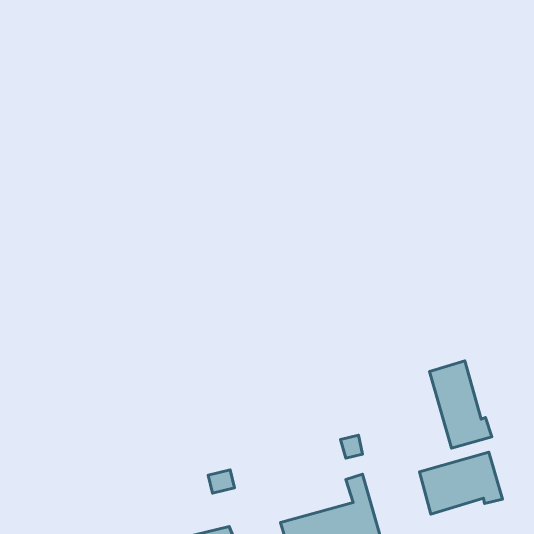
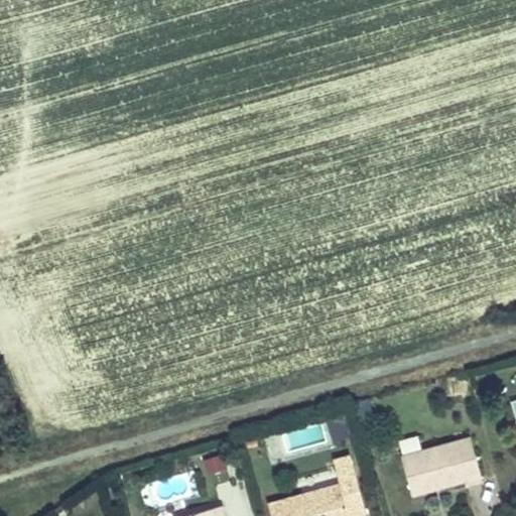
building: [430,361,492,448] -> none

